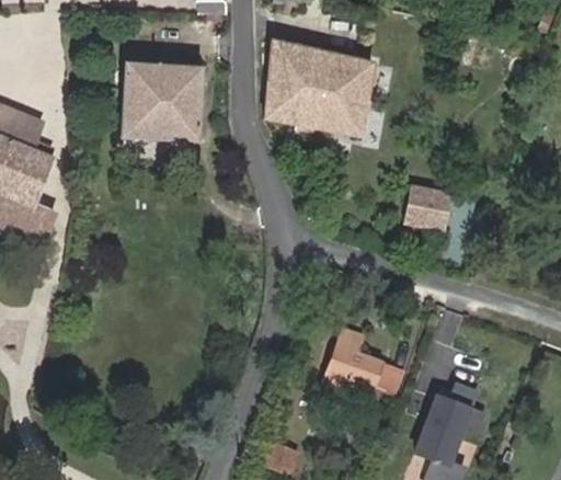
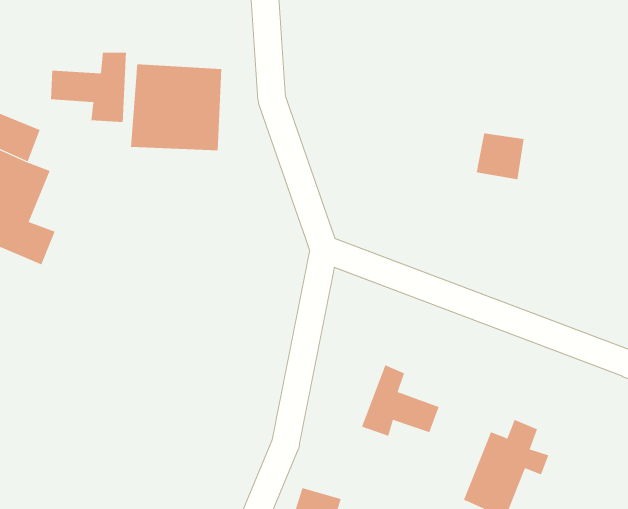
building: [262,42,398,141] -> none
building: none -> [51,52,127,123]
building: [408,188,450,230] -> [476,133,524,180]

